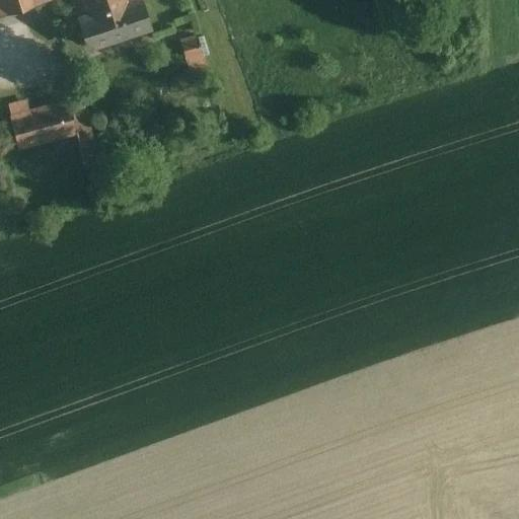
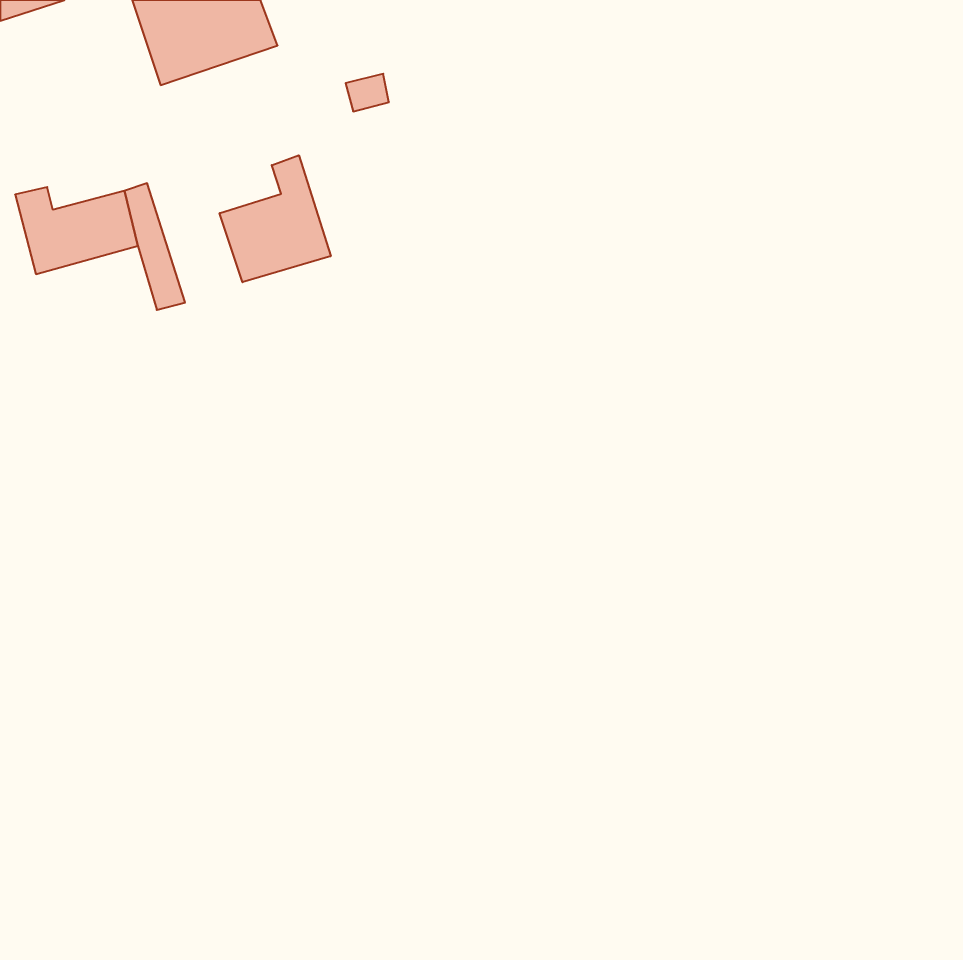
building: none -> [220,155,331,282]

